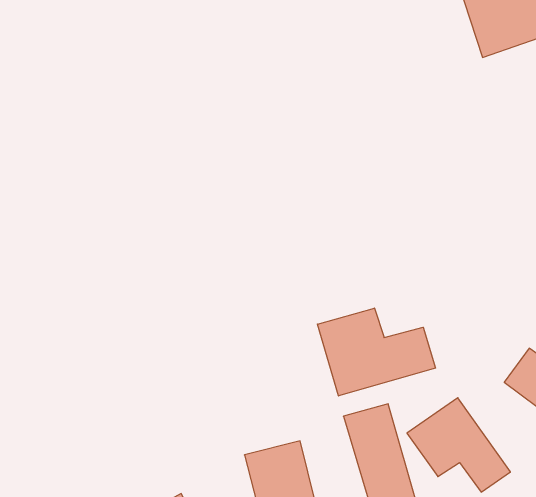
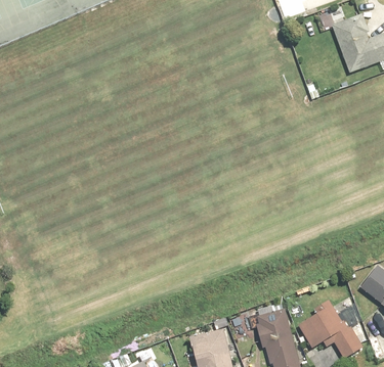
building: [317,308,436,396] -> none

